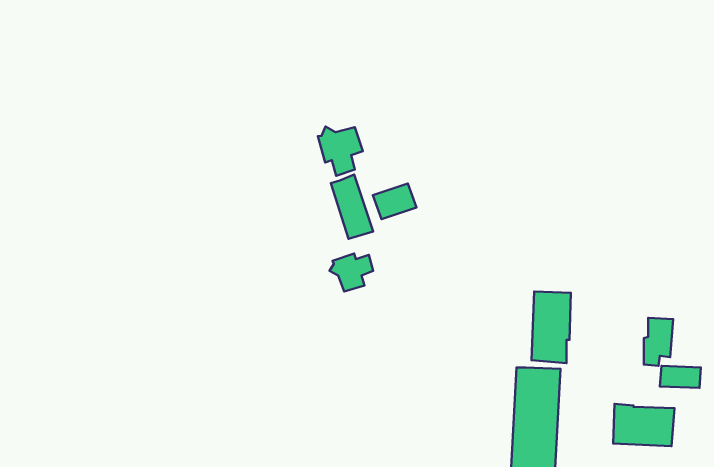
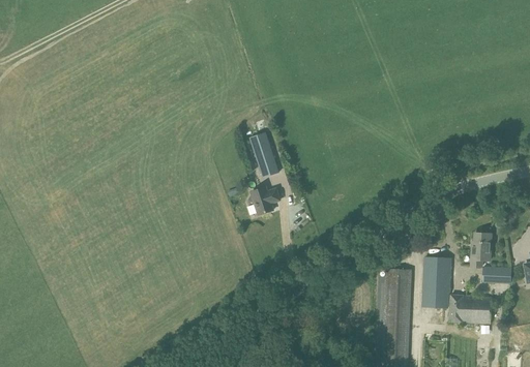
building: [318,127,363,176] -> none
building: [373,183,417,219] -> none
building: [531,291,571,363] -> [423,257,451,308]

